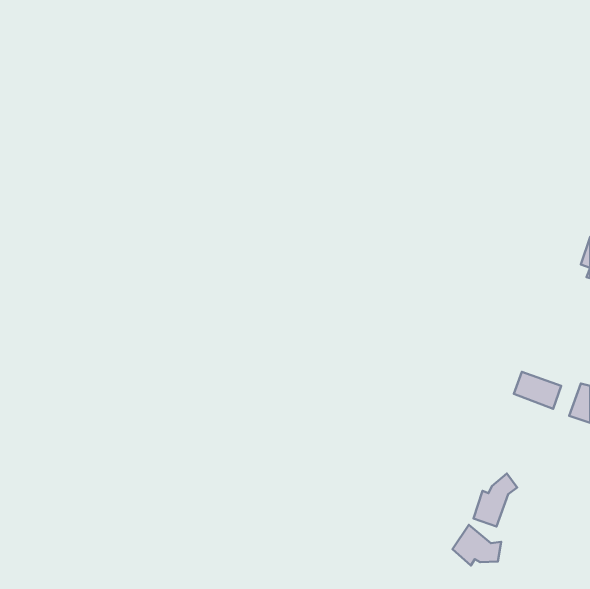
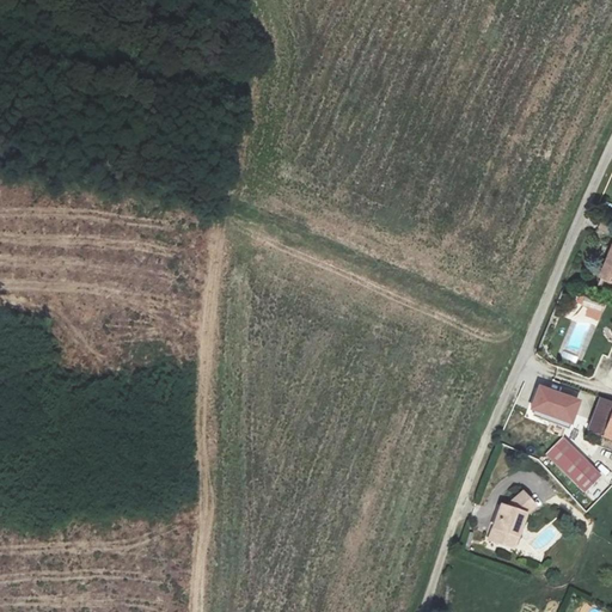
building: none -> [546,436,600,490]
building: [453,525,501,565] -> none

